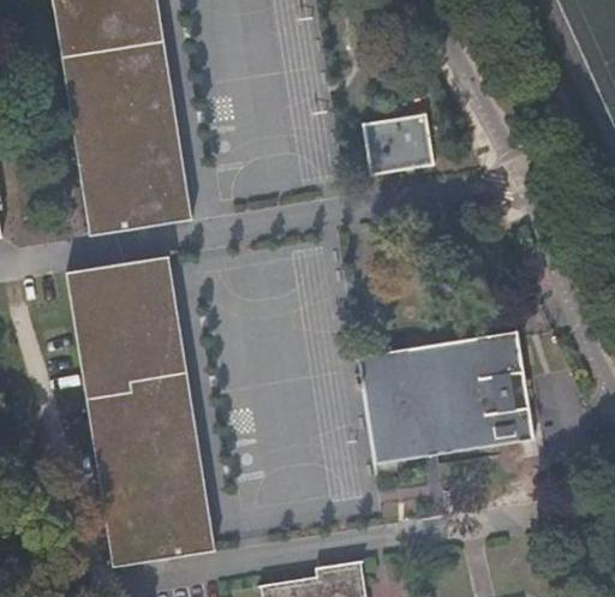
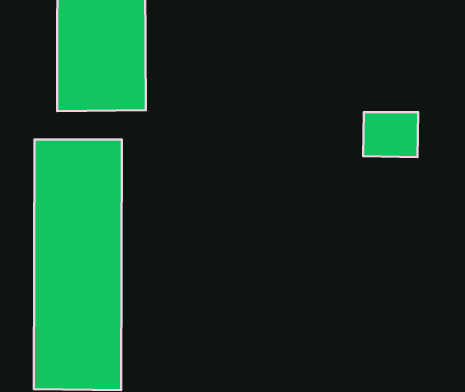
building: [363,115,434,177] -> [363,112,418,157]
building: [357,334,532,465] -> none

